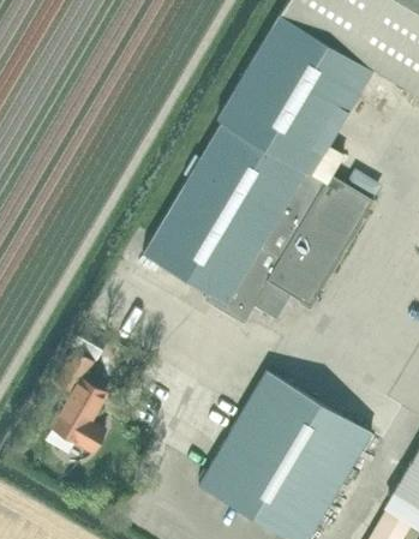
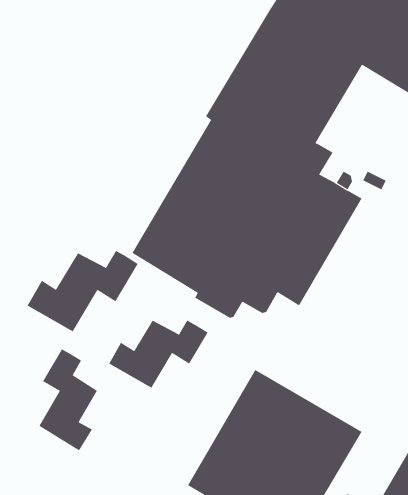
building: none -> [27,250,138,332]
building: none -> [108,320,208,388]

